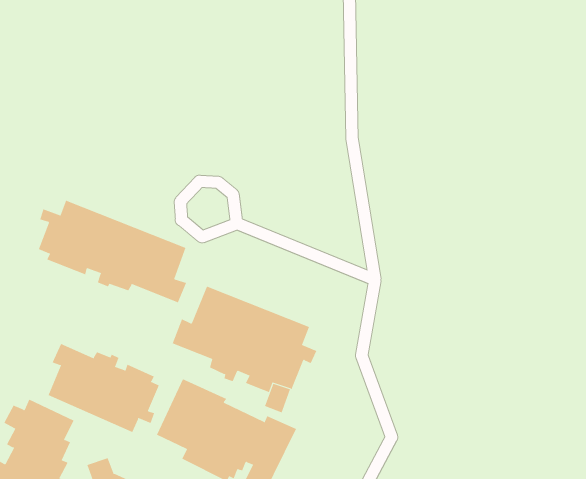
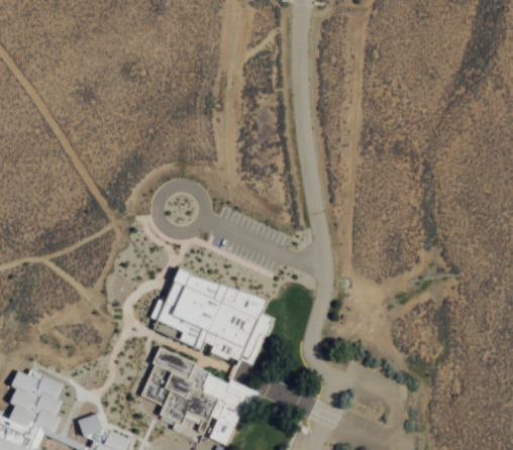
building: [38,200,187,303] -> none
building: [48,343,160,433] -> none

